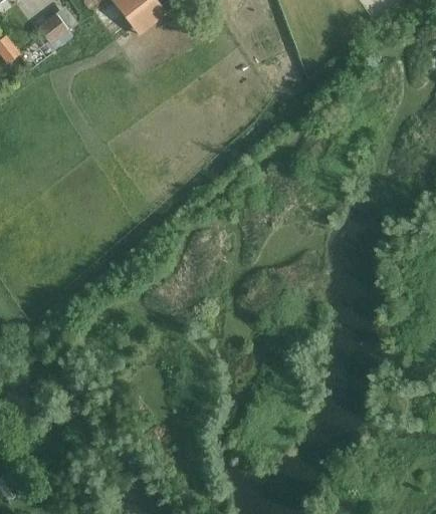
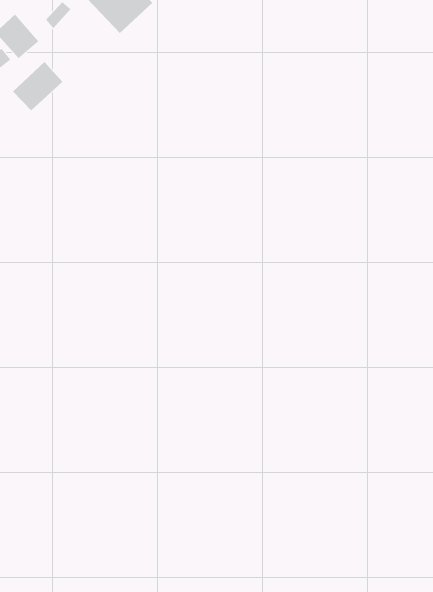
building: none -> [12,61,63,111]

